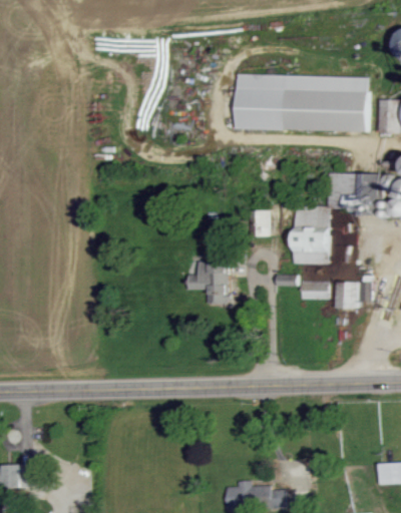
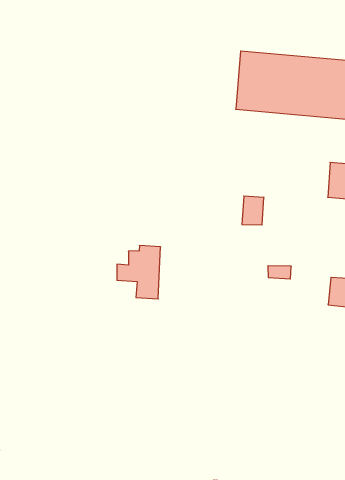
building: [294,206,330,265] -> none
building: [187,255,229,305] -> [117,246,161,299]
building: [301,281,328,299] -> none

